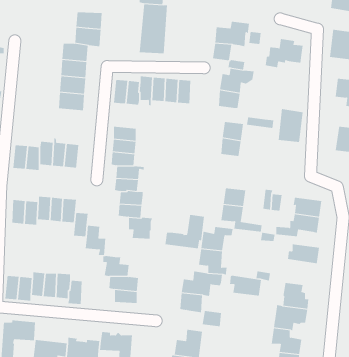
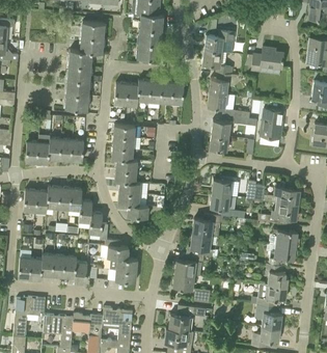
building: [165,214,204,249] -> none
building: [229,275,262,296] -> [267,242,296,261]

